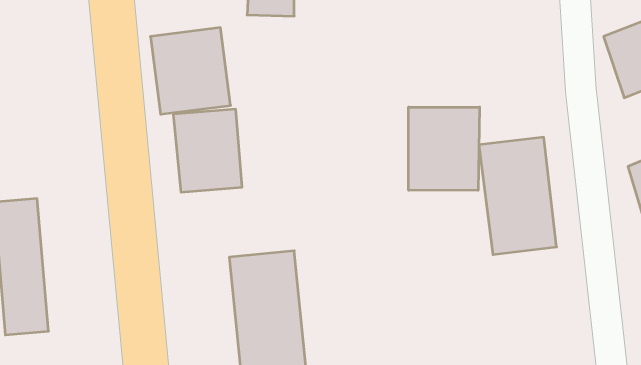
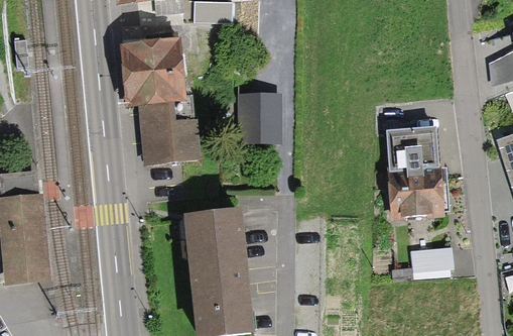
building: none -> [241,94,278,139]
building: [409,107,480,190] -> none
building: none -> [410,246,454,278]

